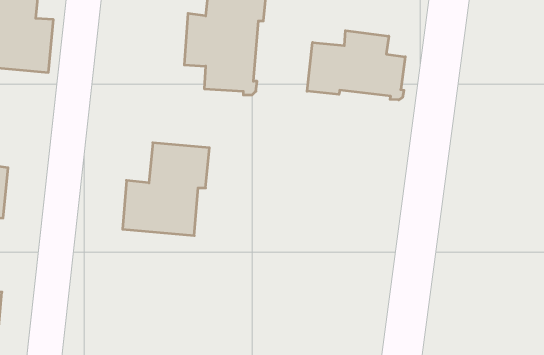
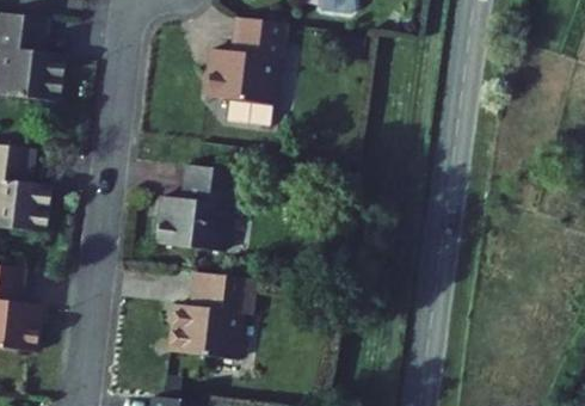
building: [307,31,405,100] -> none
building: none -> [159,275,241,359]

